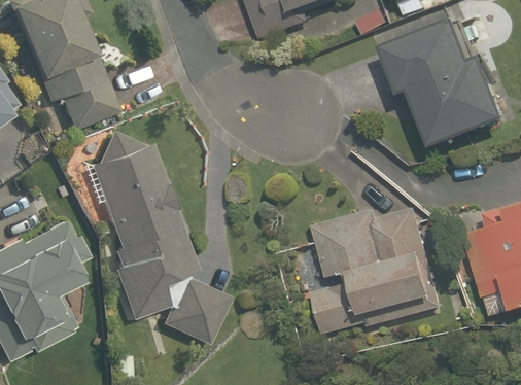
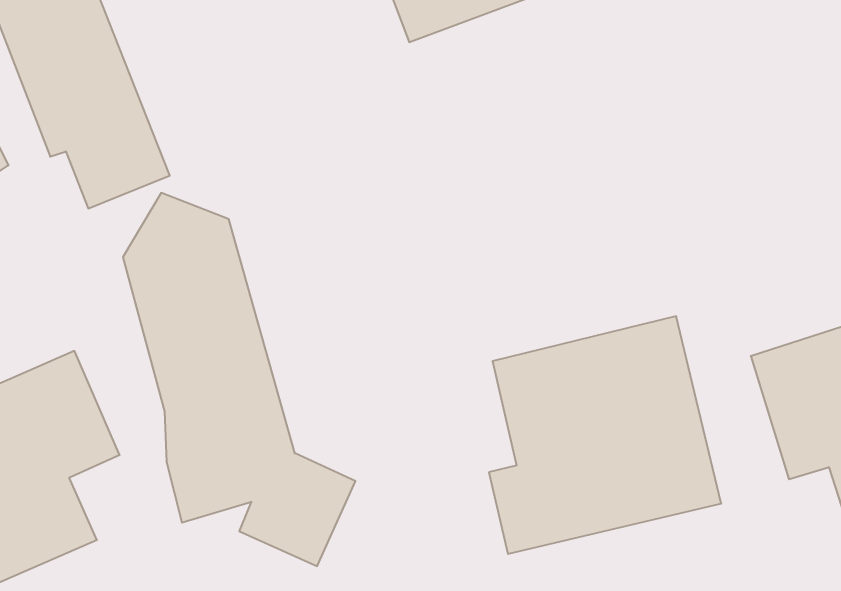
building: [387,22,513,150] -> none

